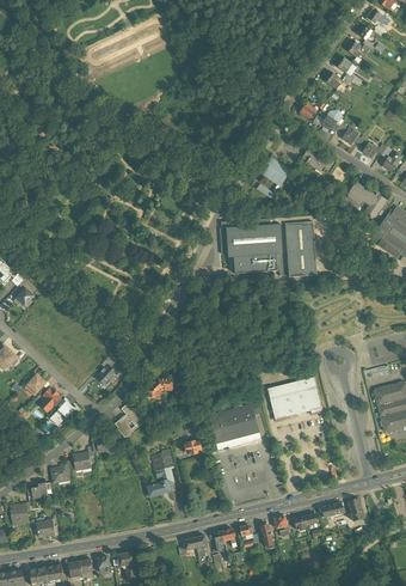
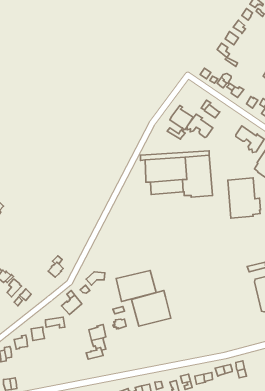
building: none -> [187,114,213,138]
building: none -> [228,178,261,218]
building: [269,377,322,419] -> [116,270,156,302]

